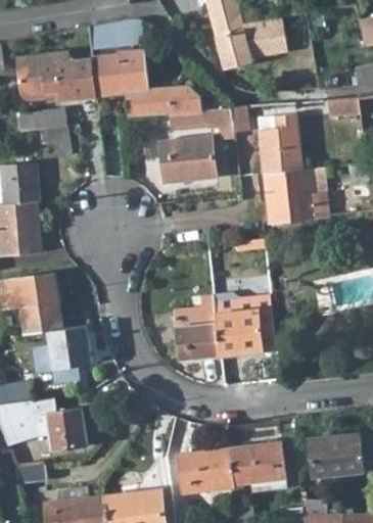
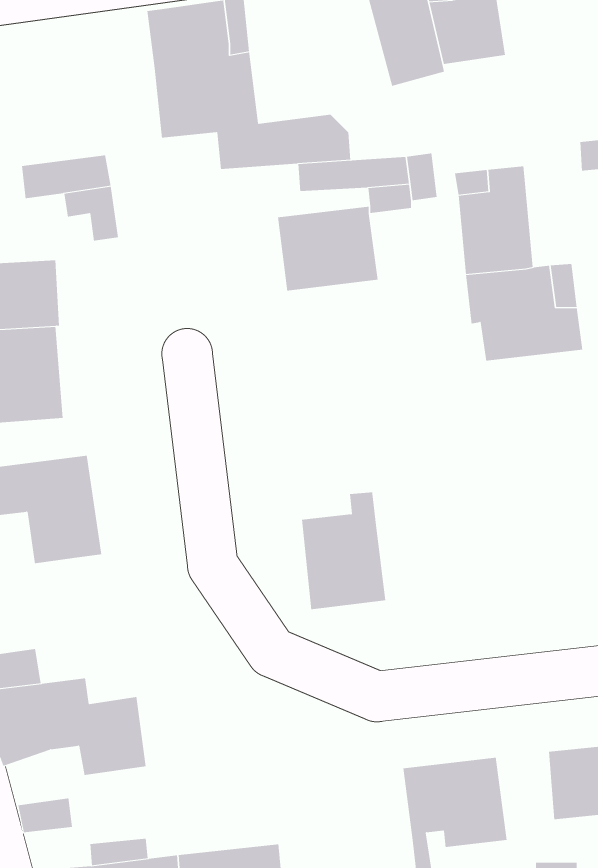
building: [16,52,95,101] -> none
building: [213,293,276,354] -> none
building: [33,325,91,383] -> none
building: [178,447,234,493] -> none

